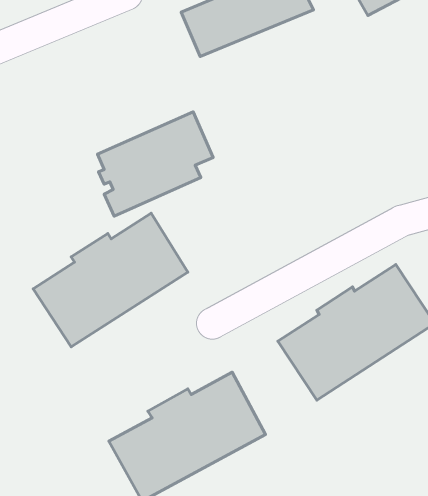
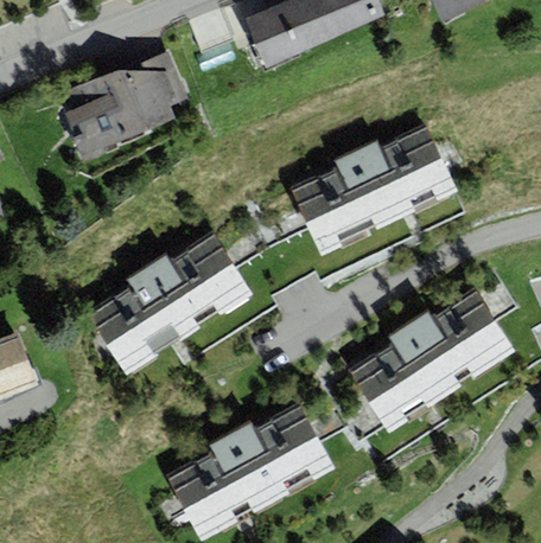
building: none -> [289,122,457,254]
building: [97,112,213,216] -> [64,49,187,160]

